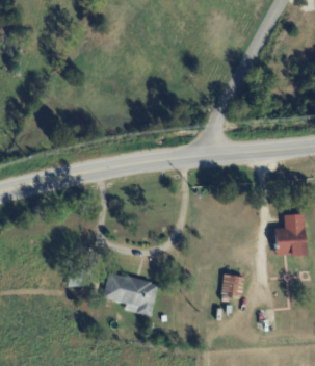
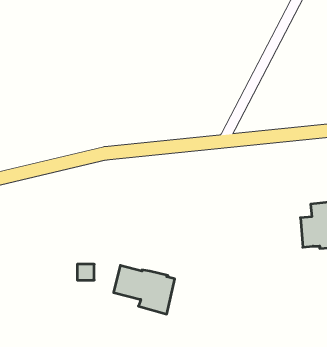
building: [224,274,246,302] -> none

